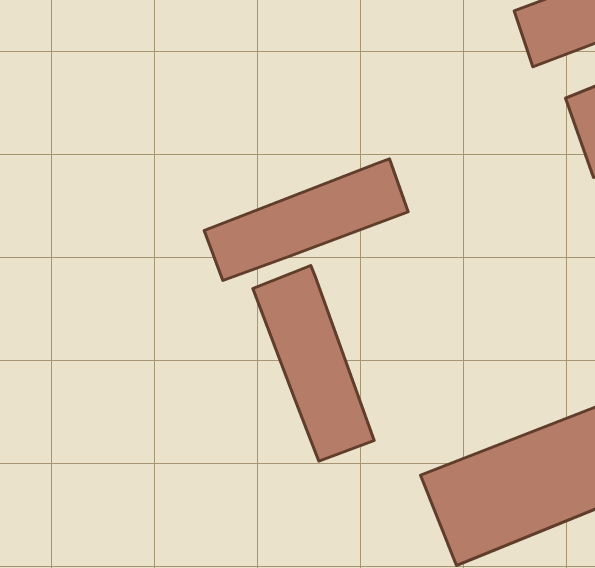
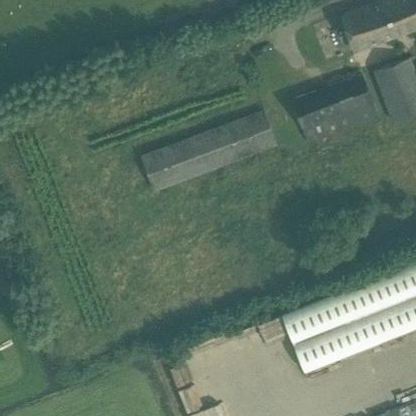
building: none -> [294,76,380,144]
building: [253,266,374,461] -> none

